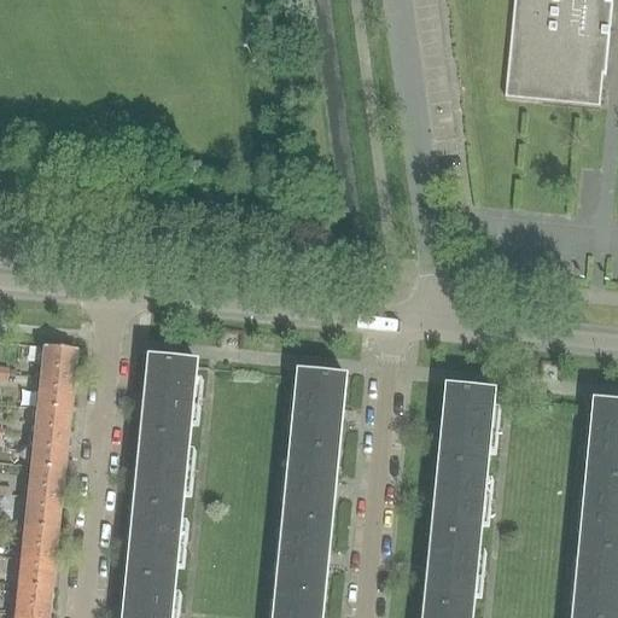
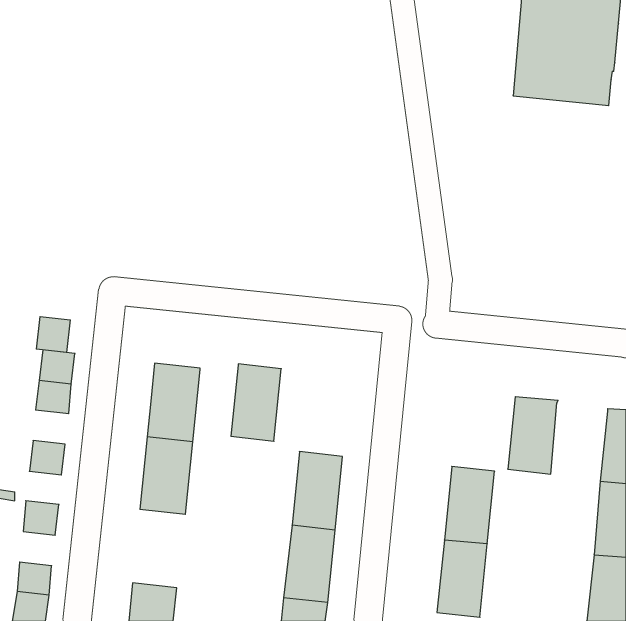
building: none -> [36,317,70,352]
building: [295,373,344,449] -> [231,364,281,441]
building: [444,387,494,464] -> [508,397,558,474]
building: [33,403,68,437] -> none
building: [25,464,60,496] -> none
building: [130,501,182,578] -> none
building: [19,523,54,556] -> none

